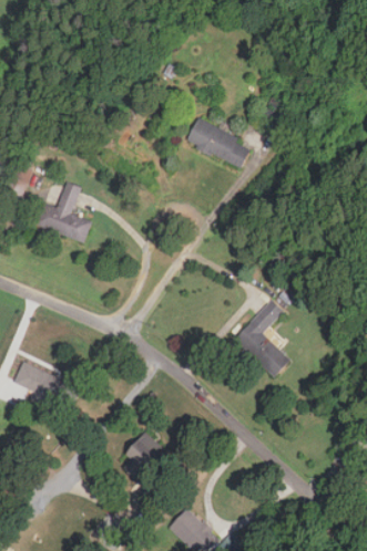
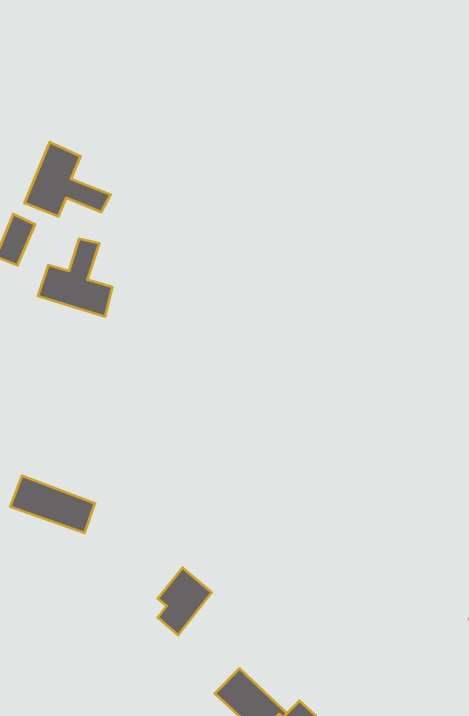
building: none -> [25,142,111,216]
building: [186,118,252,168] -> none
building: [234,300,292,376] -> none

